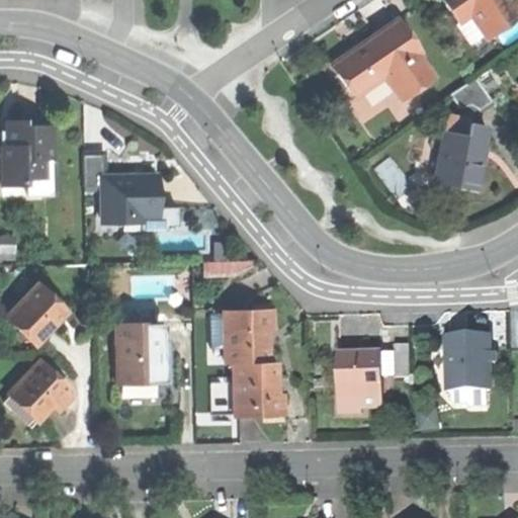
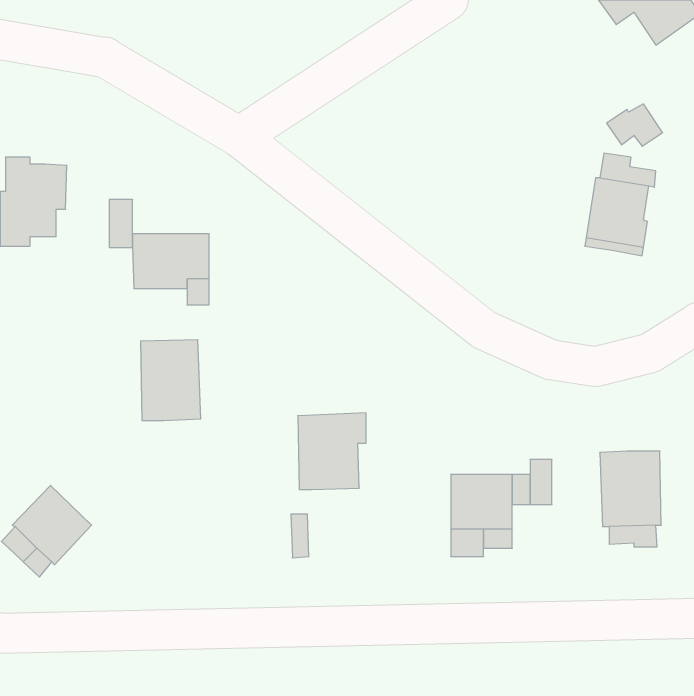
building: [334,19,433,98] -> none
building: [9,280,68,339] -> none
building: [115,322,160,381] -> [141,340,201,420]
building: [234,363,284,417] -> none

